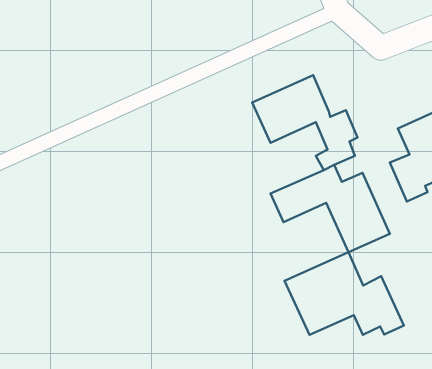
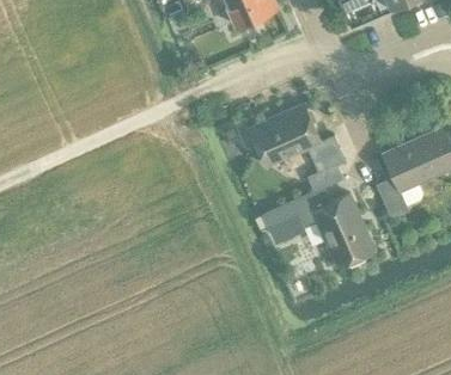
building: [284,252,404,335] -> none

